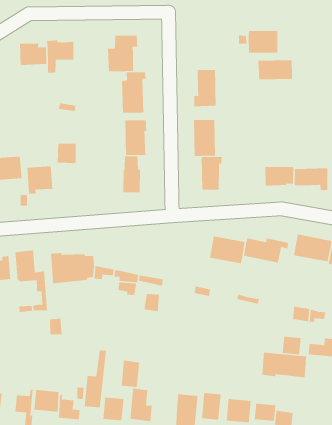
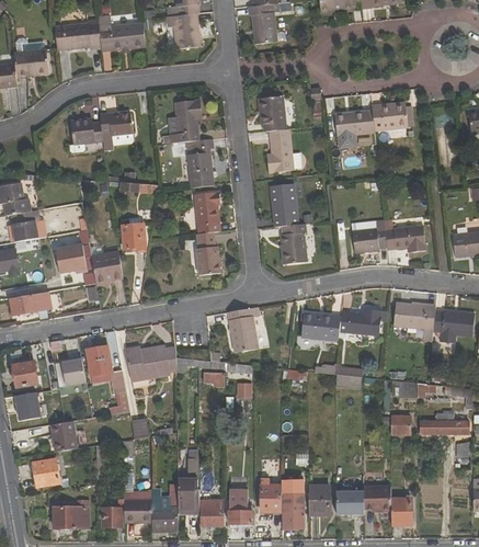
building: [248,30,278,53] -> [372,101,407,129]
building: none -> [258,95,285,130]
building: none -> [227,306,259,351]
building: [262,352,307,378] -> none
building: [121,360,140,388] -> [261,482,280,512]

